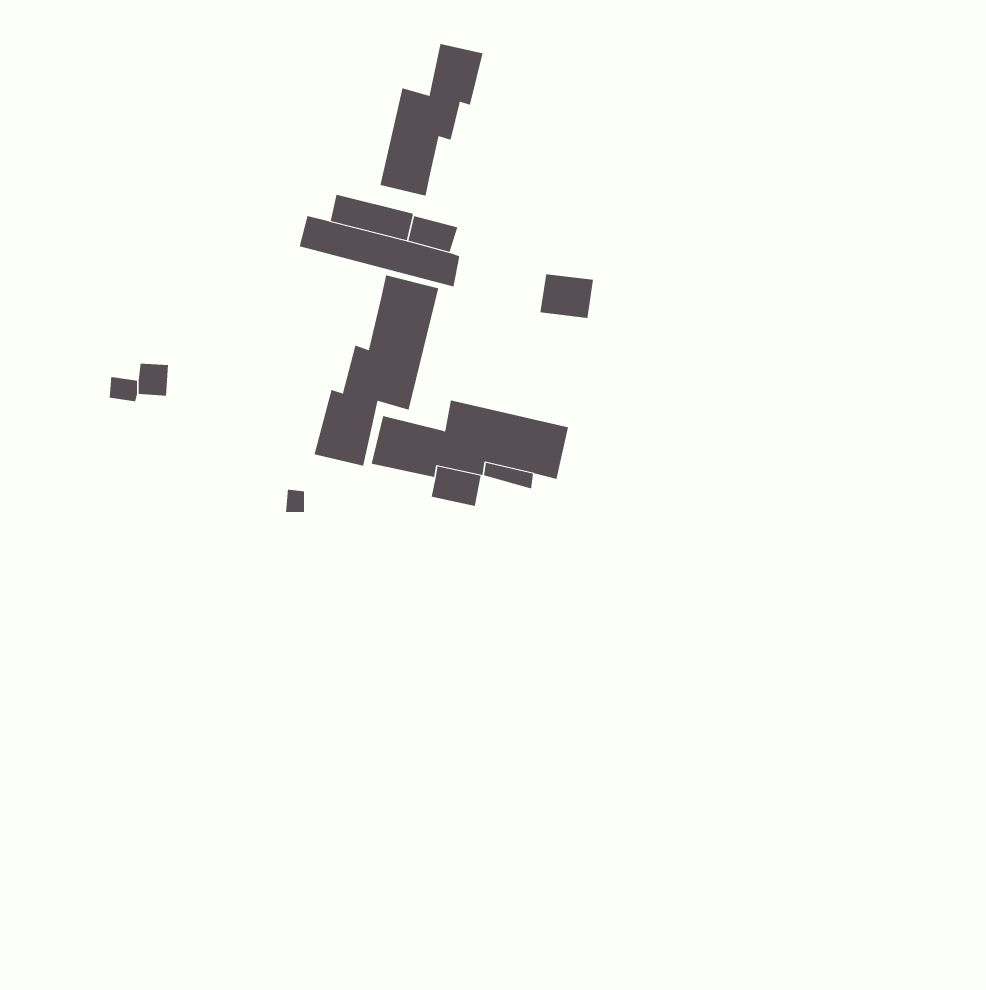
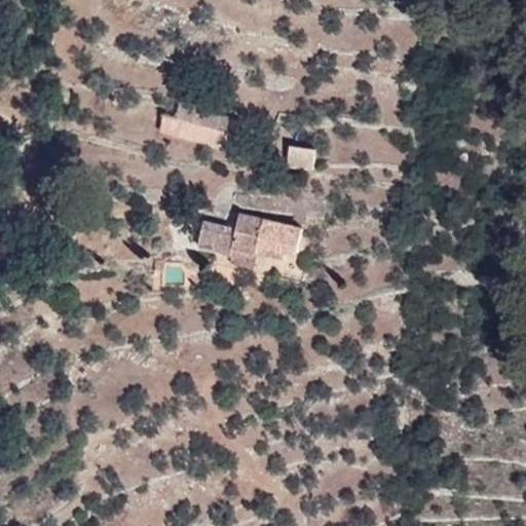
building: [380,43,483,197] -> none
building: [314,275,439,466] -> none

